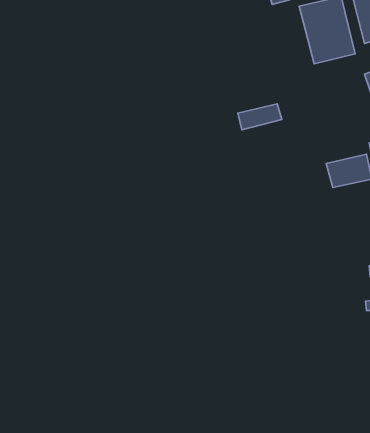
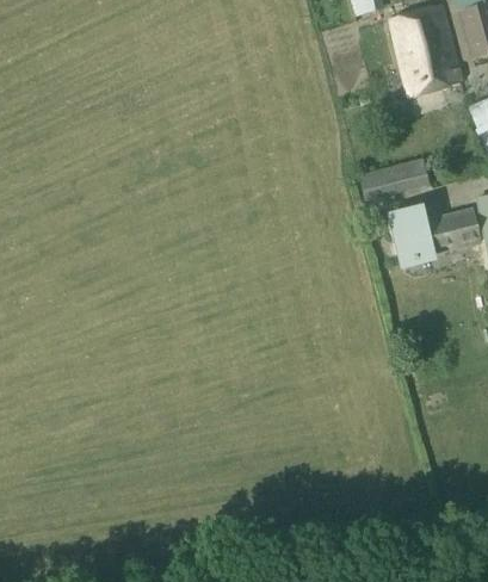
building: [238,104,282,130] -> [371,161,427,194]
building: none -> [384,211,431,262]

